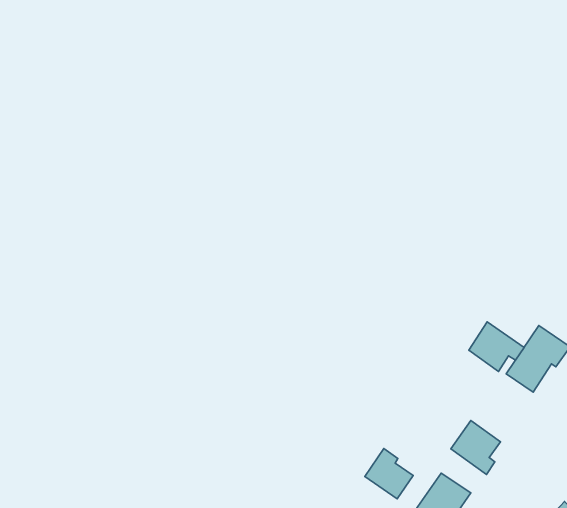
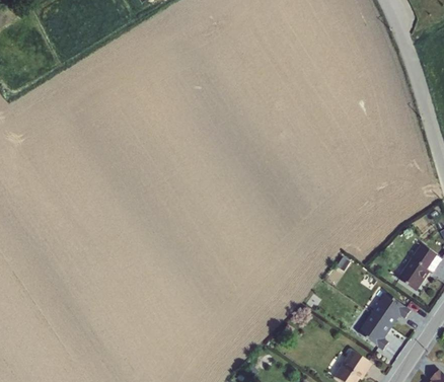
building: [469,322,524,371] -> [371,291,411,326]
building: [365,448,413,499] -> none

